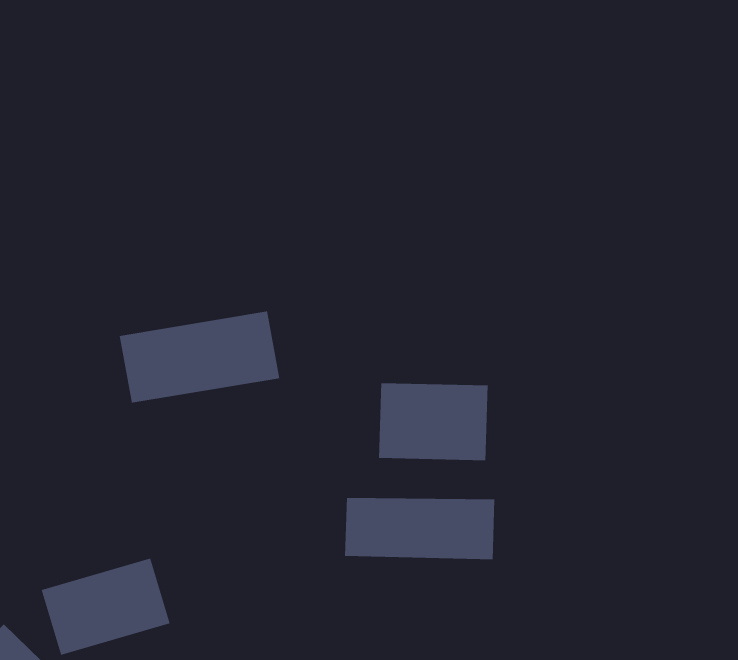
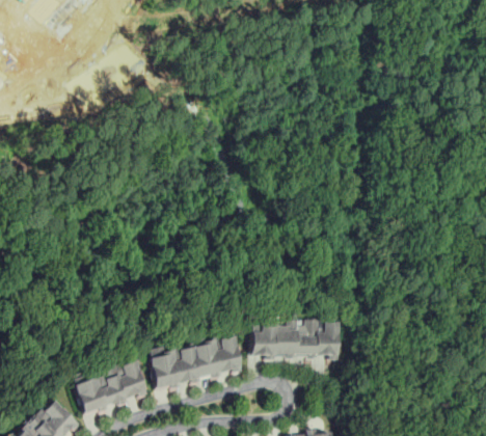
building: [119,311,280,403] -> [150,334,244,388]
building: [379,382,488,461] -> none

